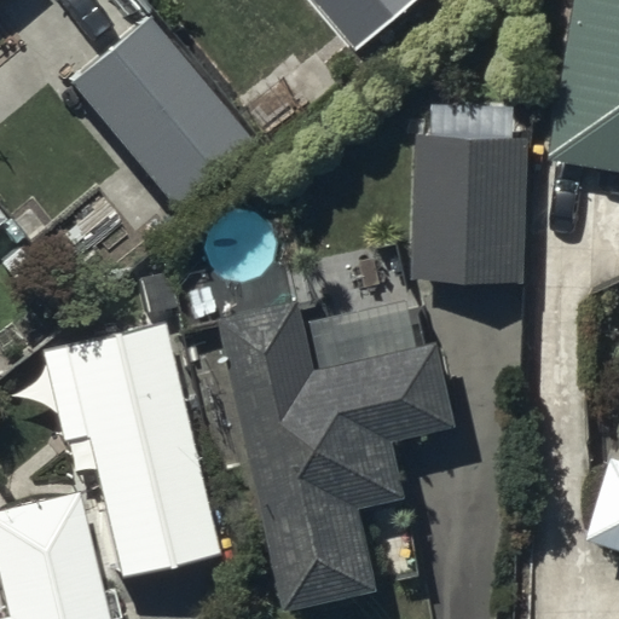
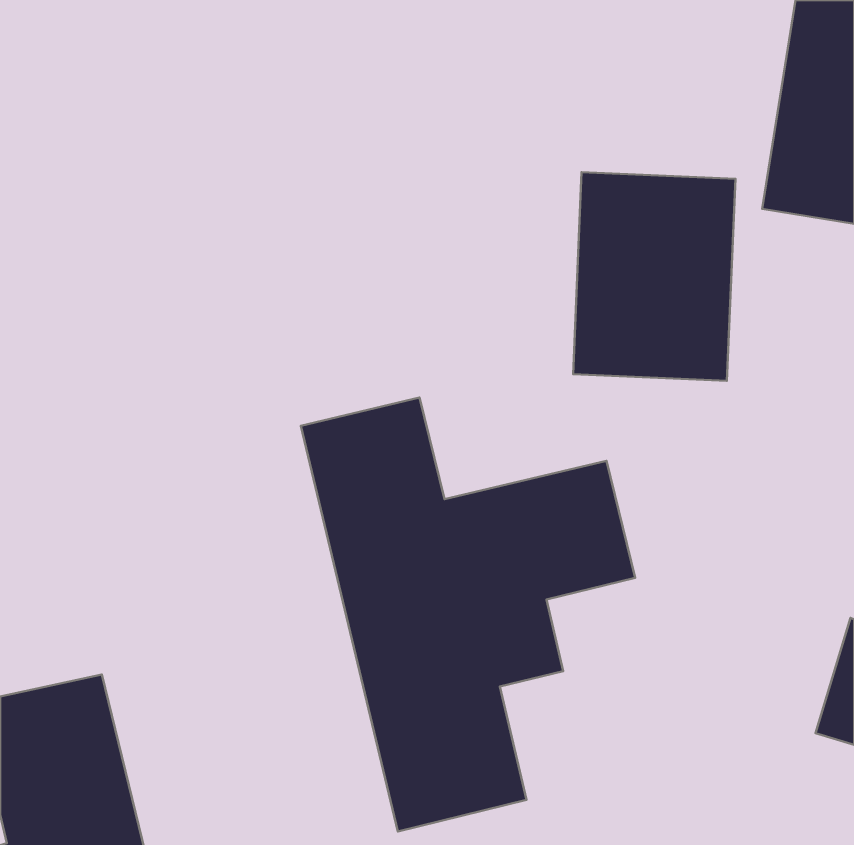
building: [66,19,248,208] -> none
building: [64,320,184,515] -> none

